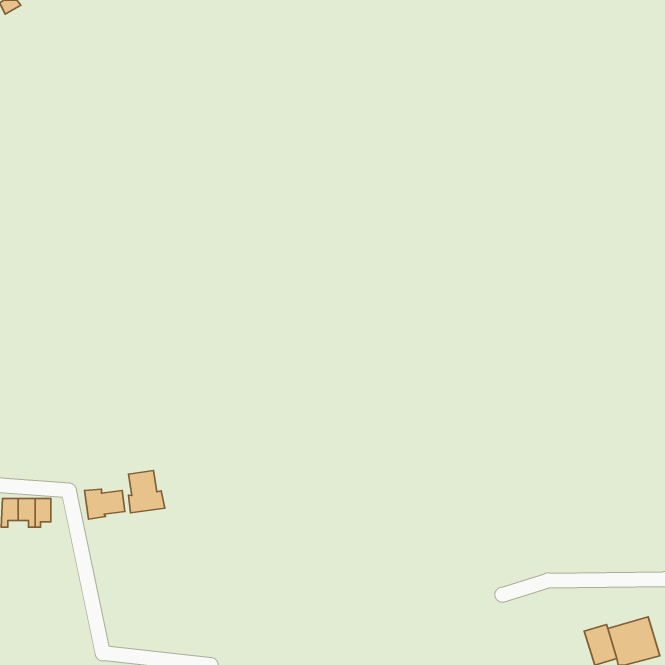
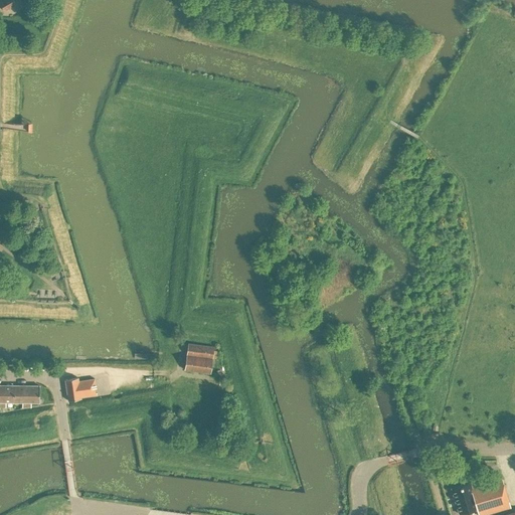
building: none -> [184,344,214,373]
building: [128,470,165,513] -> none

